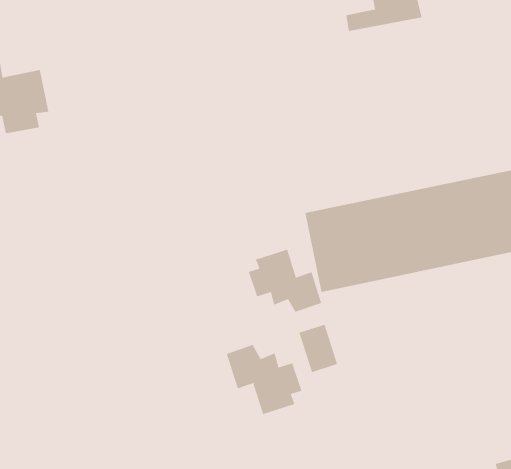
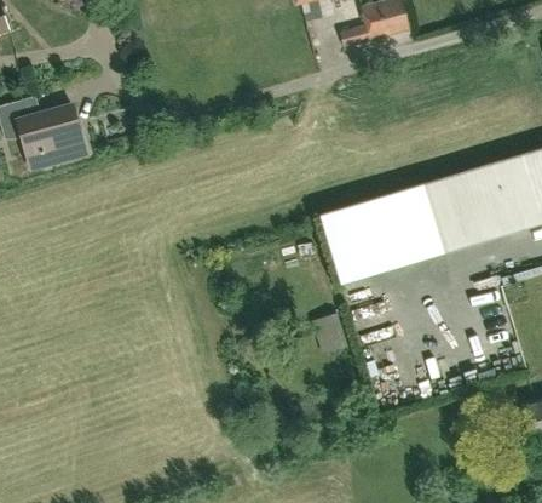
building: [248,249,322,313] -> none
building: [226,344,302,415] -> none

